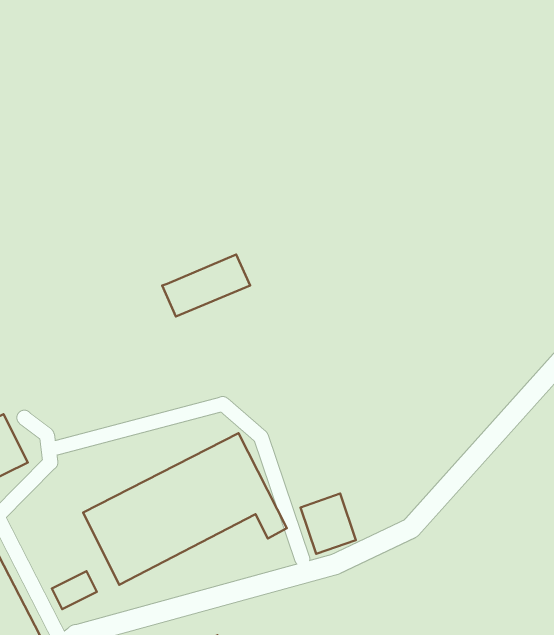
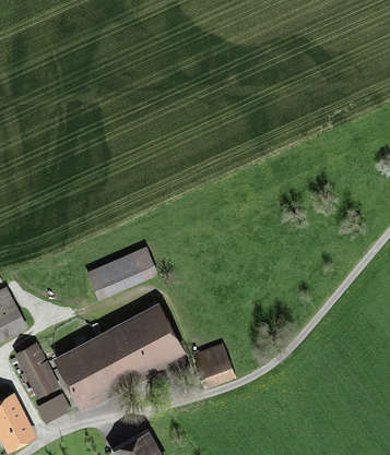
building: [162,254,250,316] -> [92,251,147,290]
building: none -> [19,344,55,390]

